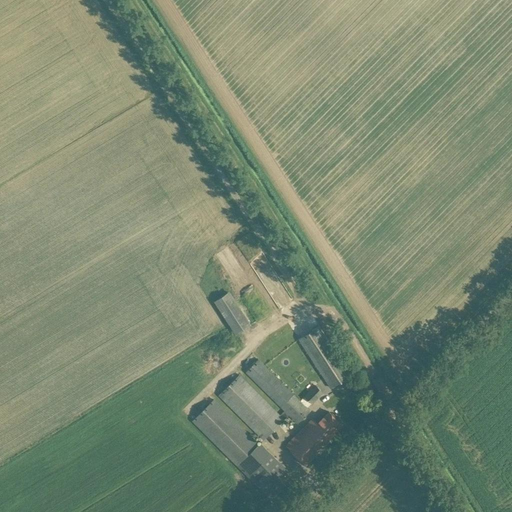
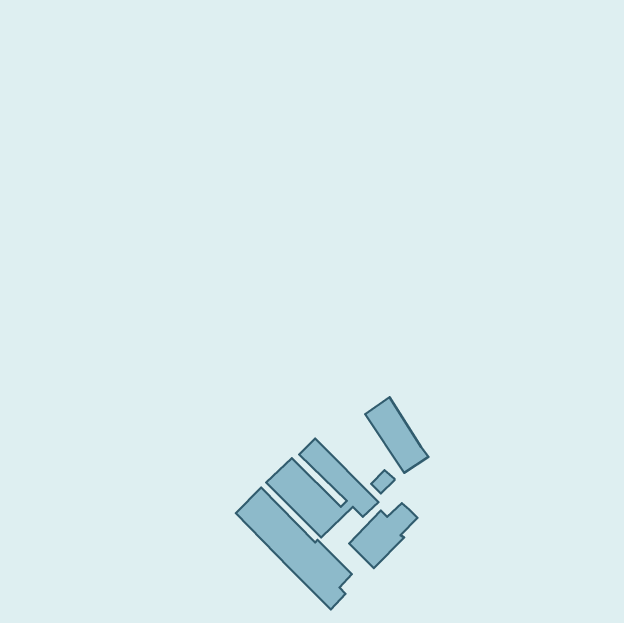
building: [211,291,249,335] -> none

